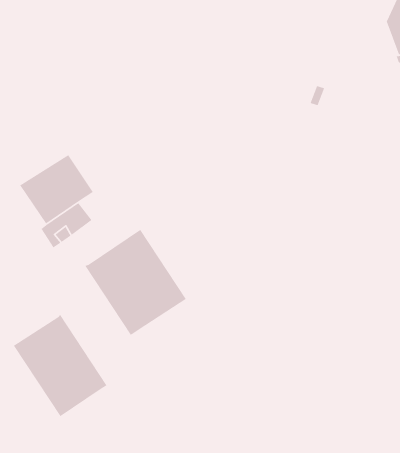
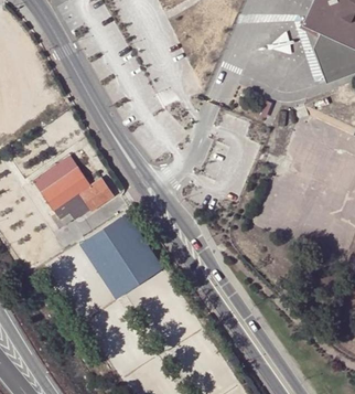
building: none -> [74,175,109,210]
building: [13,313,108,417] -> none

